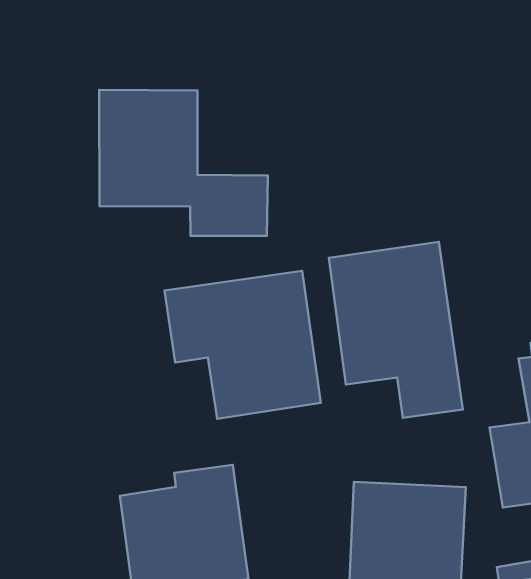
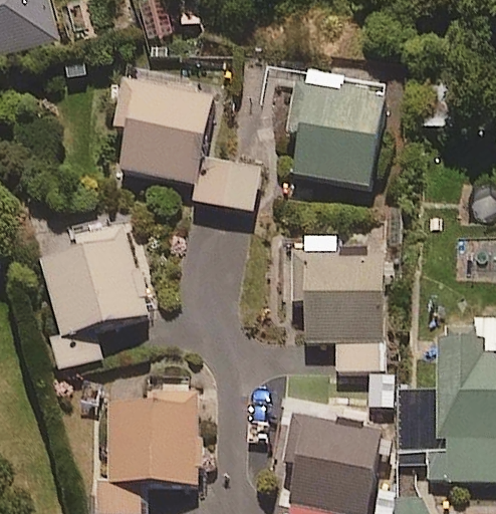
building: none -> [292,70,388,188]
building: none -> [40,219,151,371]
building: [164,271,321,419] -> none

